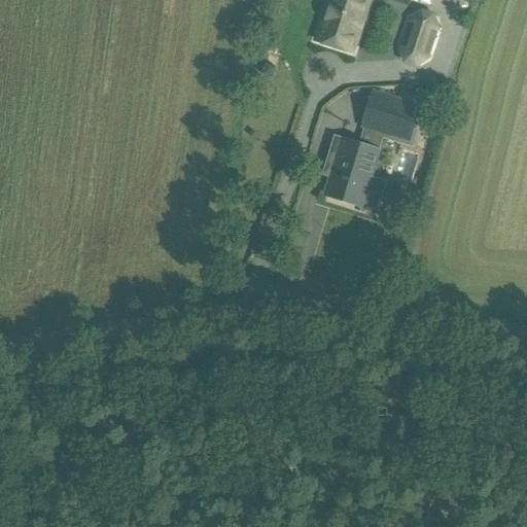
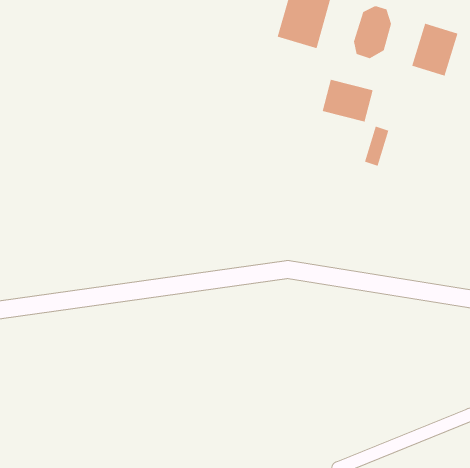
building: none -> [411,23,458,77]
building: [324,138,380,206] -> none

